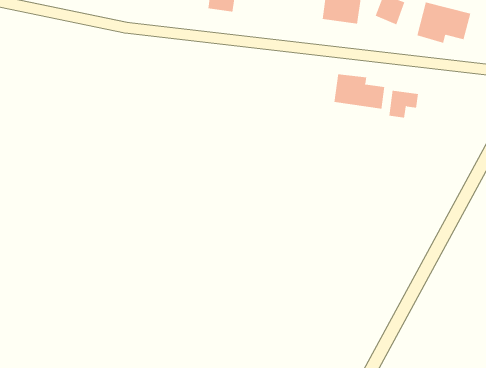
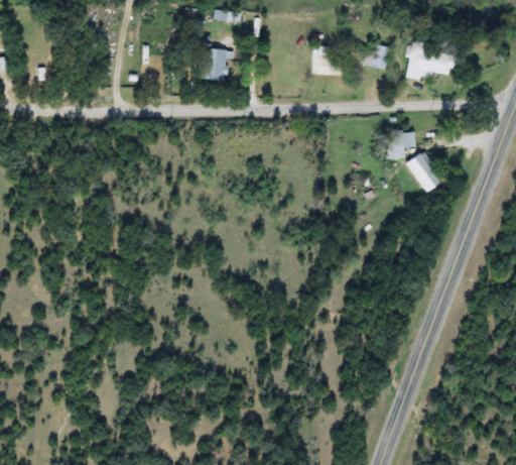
building: [334,74,385,109] -> none
building: none -> [405,151,442,192]

